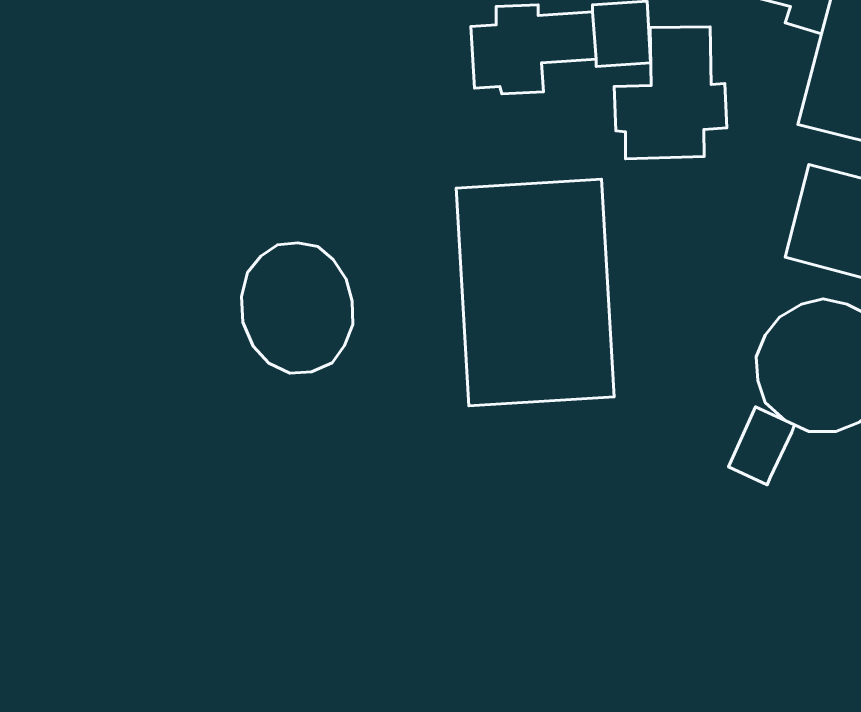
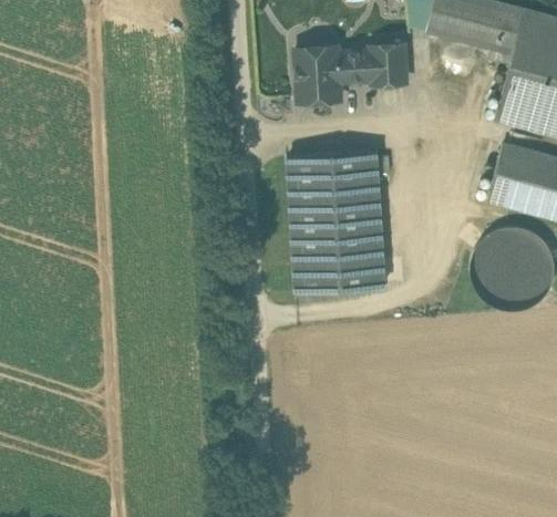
building: [614,27,727,159] -> none
building: [241,243,353,373] -> none
building: [728,407,795,485] -> none

